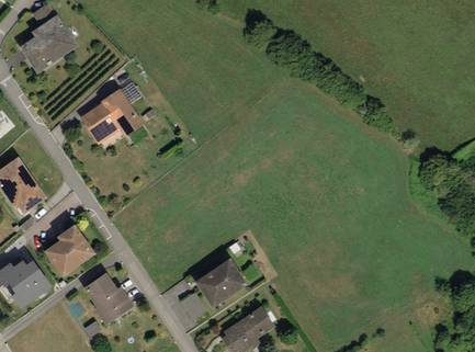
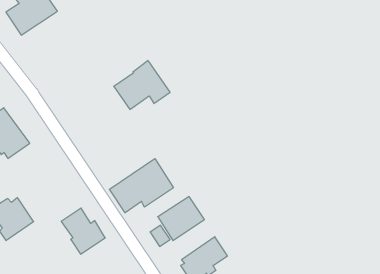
building: [79,88,144,144] -> [114,61,170,109]
building: none -> [109,159,173,213]
building: [44,225,95,277] -> none

